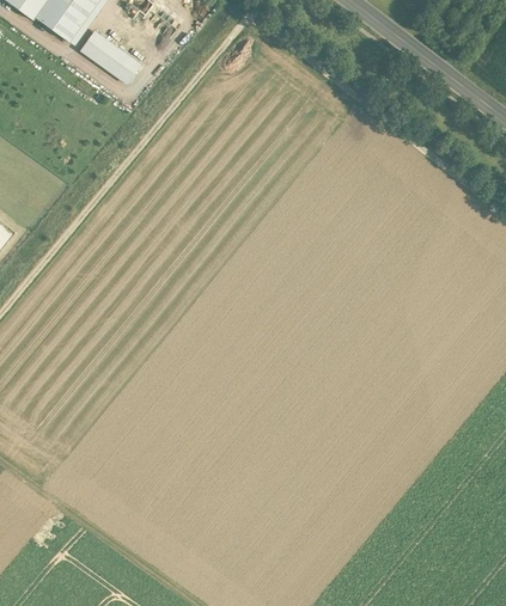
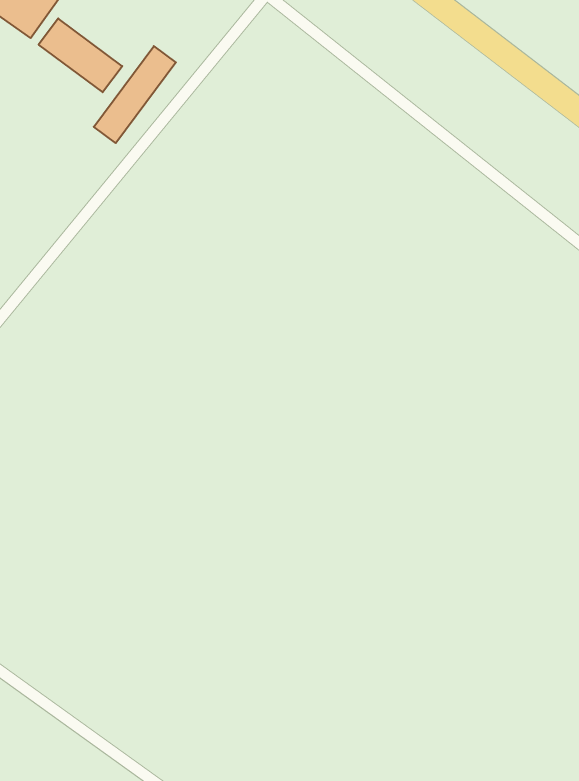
building: none -> [94,46,176,143]

